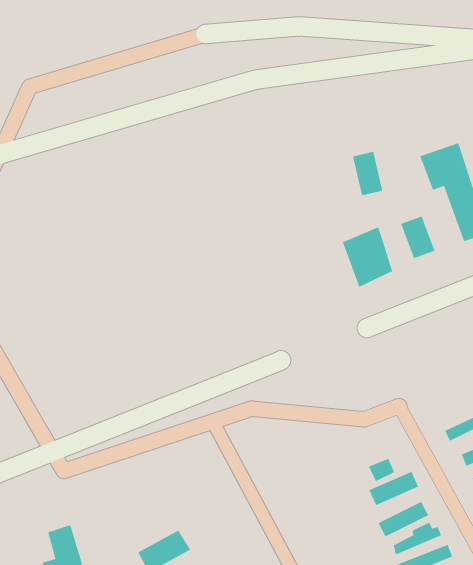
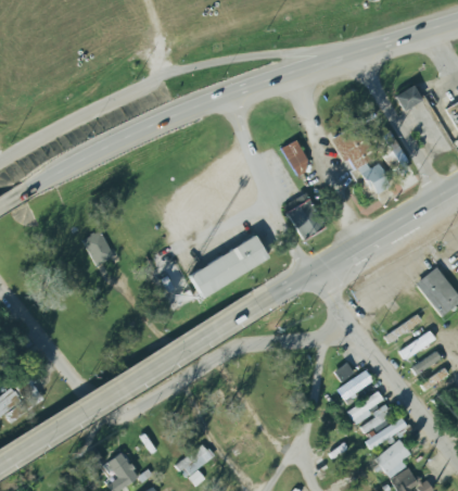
building: [400,215,435,259] -> none
building: none -> [82,229,114,265]
building: none -> [188,235,267,298]

